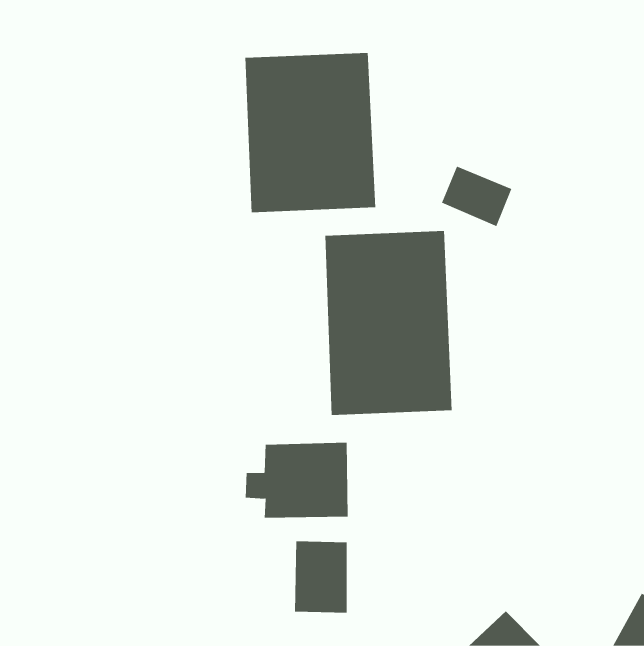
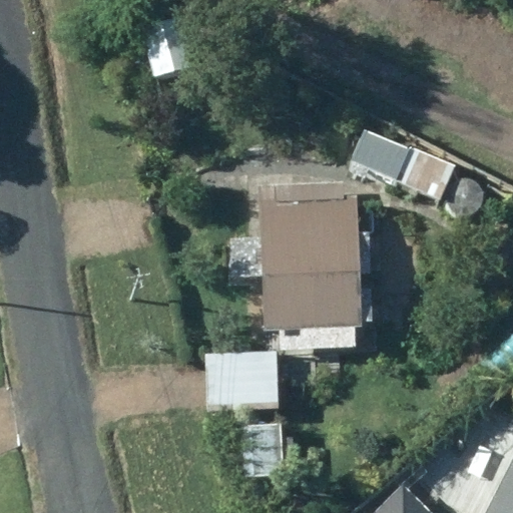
building: [245,52,376,213] -> none

